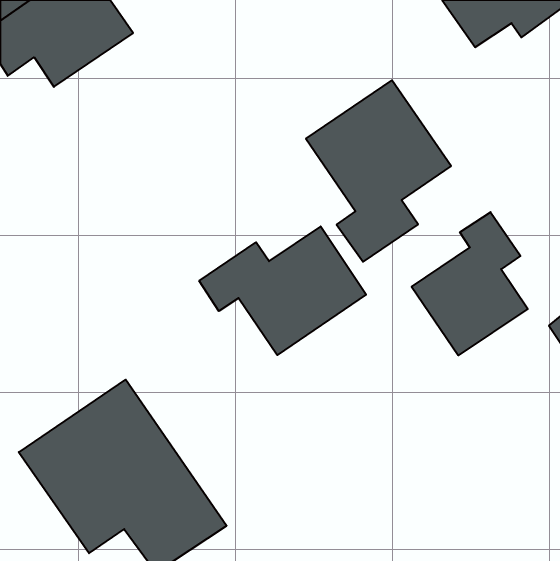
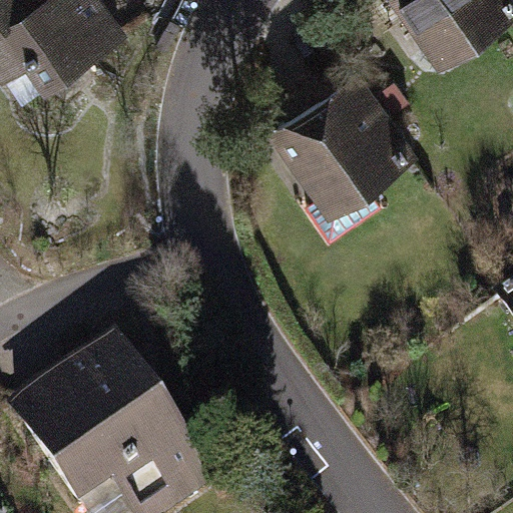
building: [412,212,528,355] -> none
building: [199,226,366,355] -> none

